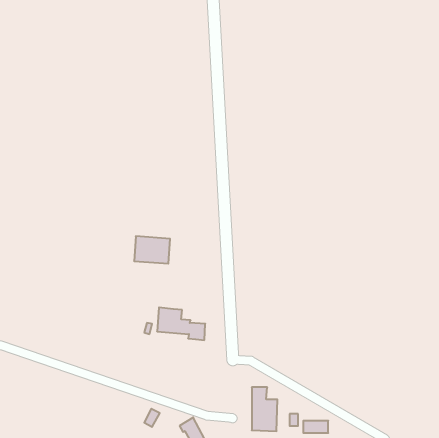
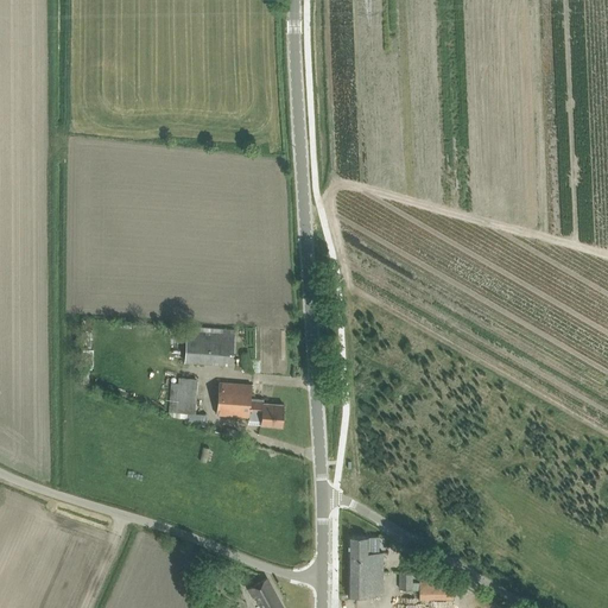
building: none -> [169,378,197,414]
building: [157,307,205,340] -> [217,382,284,428]

